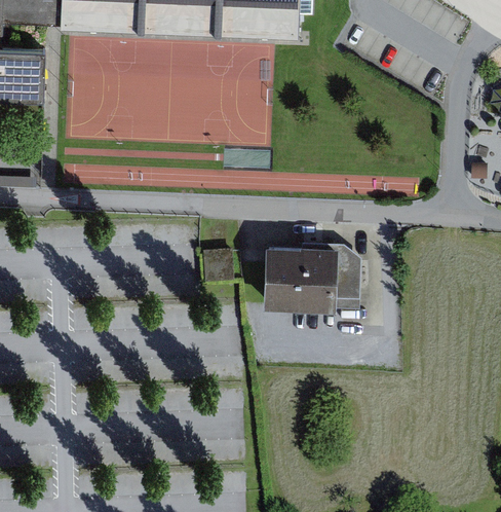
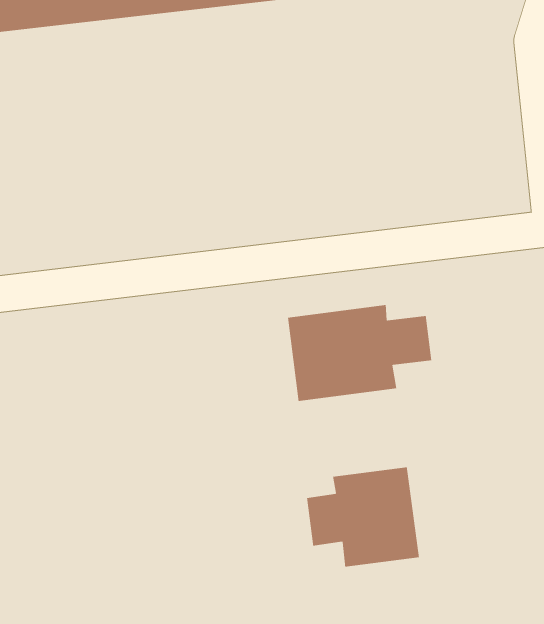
building: none -> [306,466,420,568]

